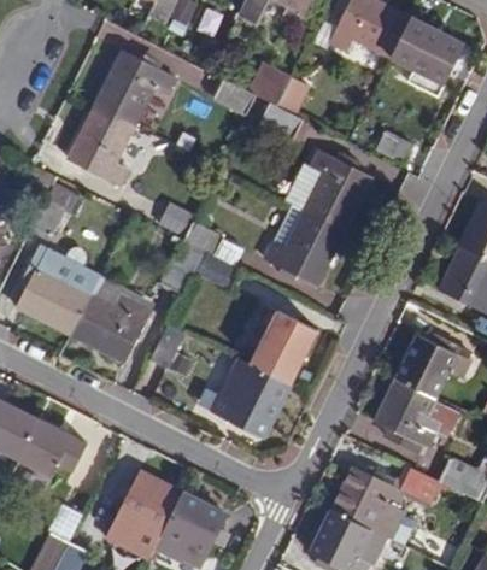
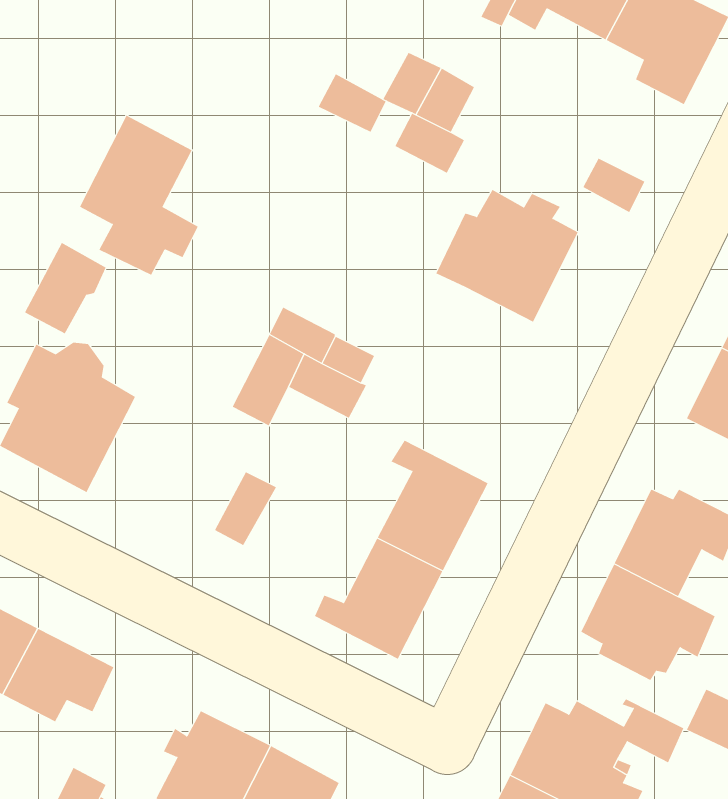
building: [94,51,176,125] -> none
building: [263,210,345,286] -> none
building: [70,277,151,363] -> none

